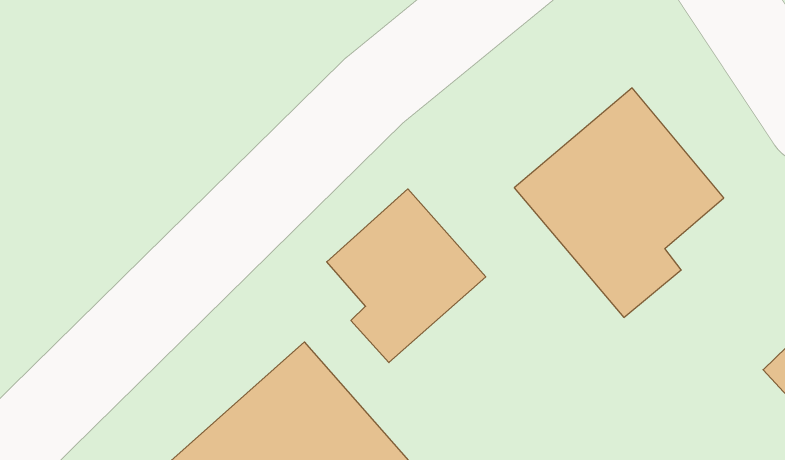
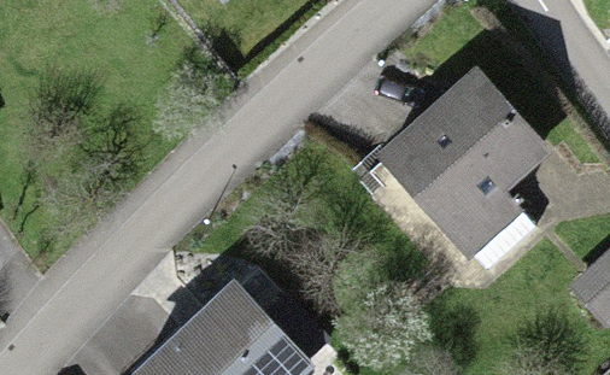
building: [327,189,486,363] -> none

